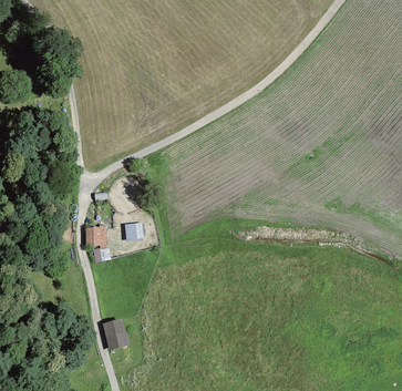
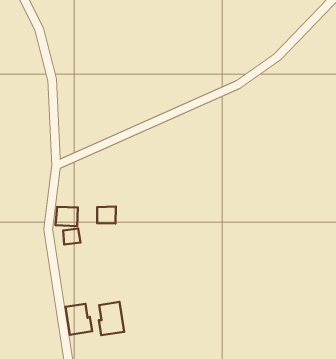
building: none -> [99,302,124,335]

